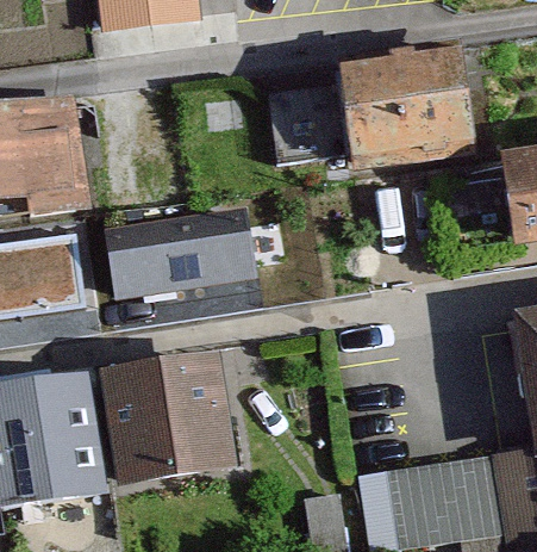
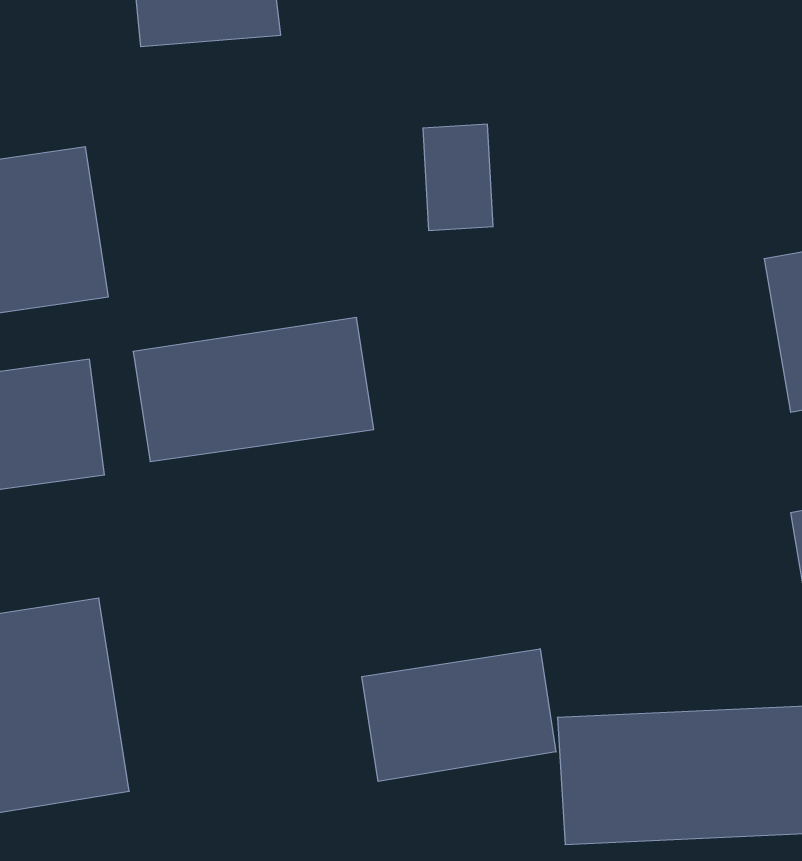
building: [349,68,480,173] -> none
building: [98,358,229,490] -> none
building: none -> [362,649,556,781]

